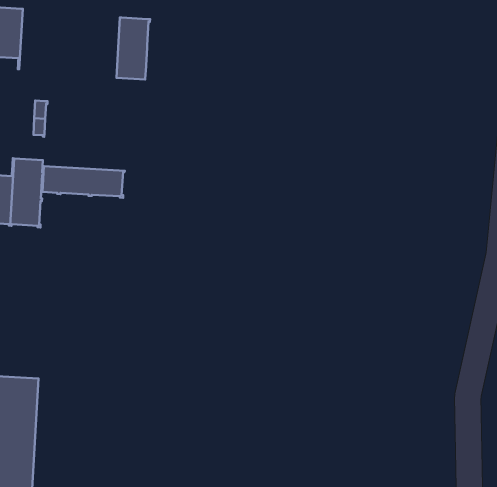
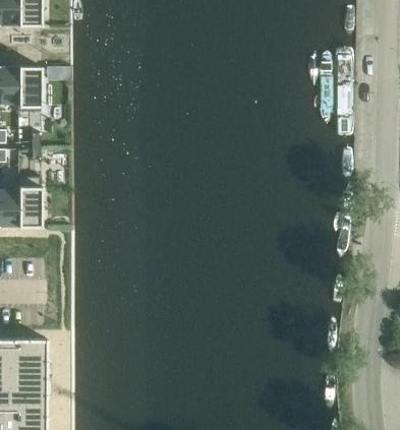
building: [117,17,150,79] -> [19,66,42,111]
building: [42,166,125,198] -> none

